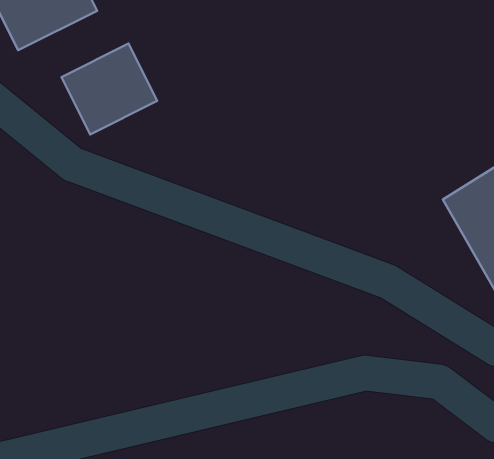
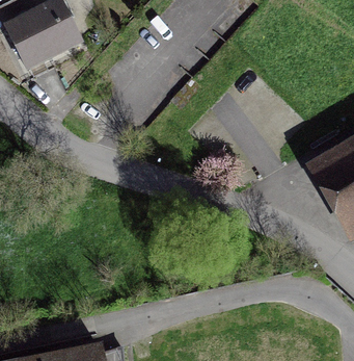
building: [61,44,157,134] -> none

